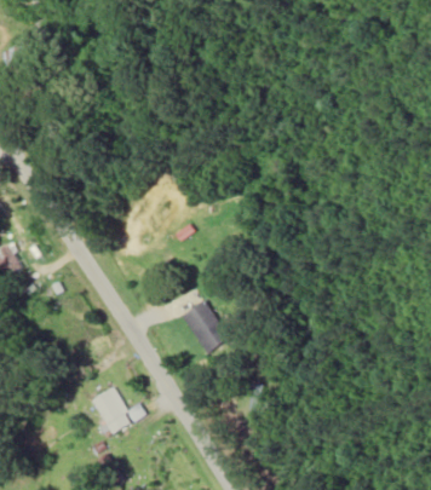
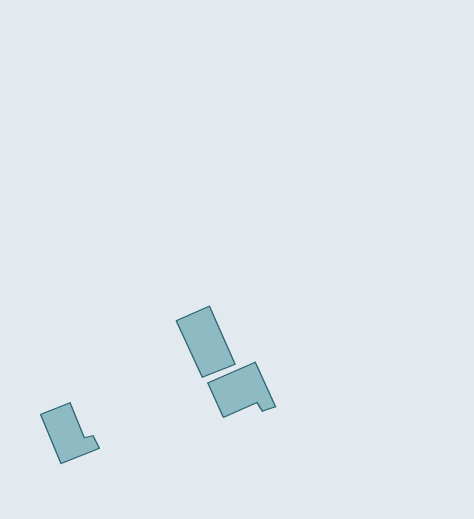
building: none -> [208,362,275,417]

